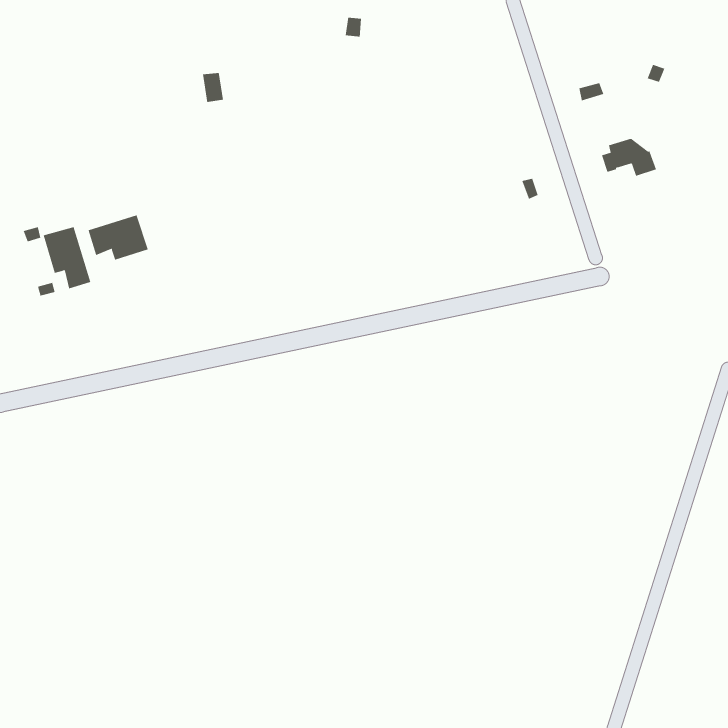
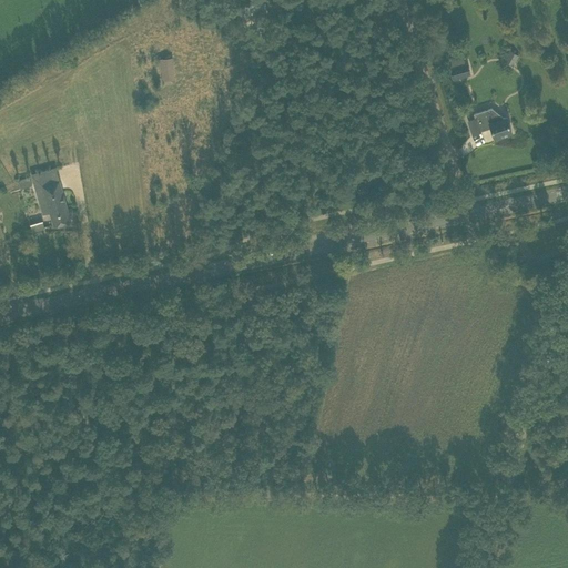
building: [88,215,149,261] -> none

